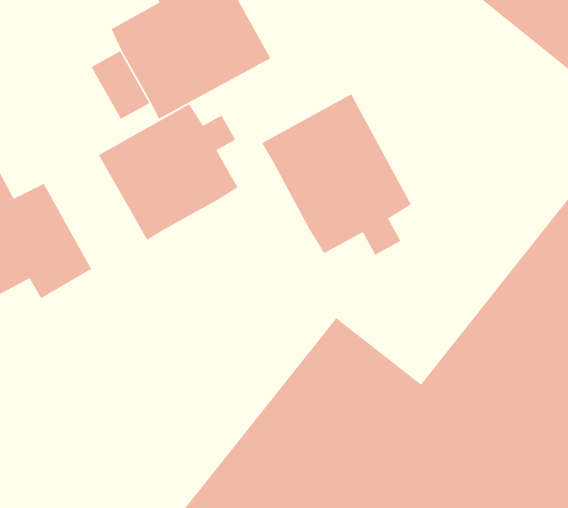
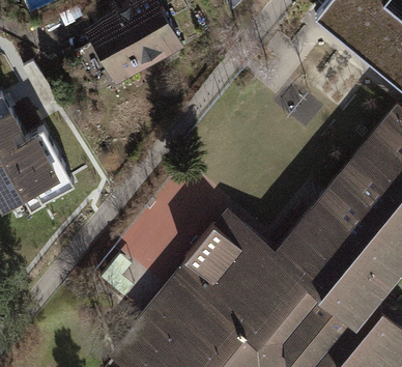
building: [261,93,412,256] -> none
building: [98,103,238,241] -> none

